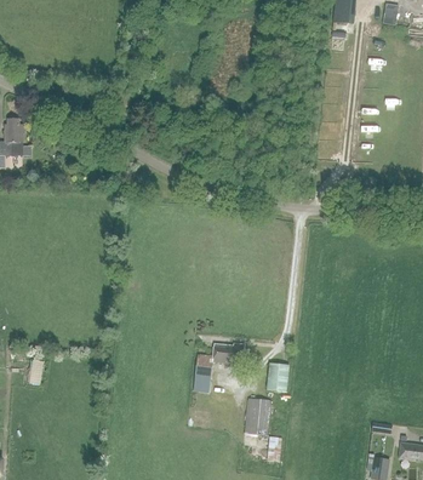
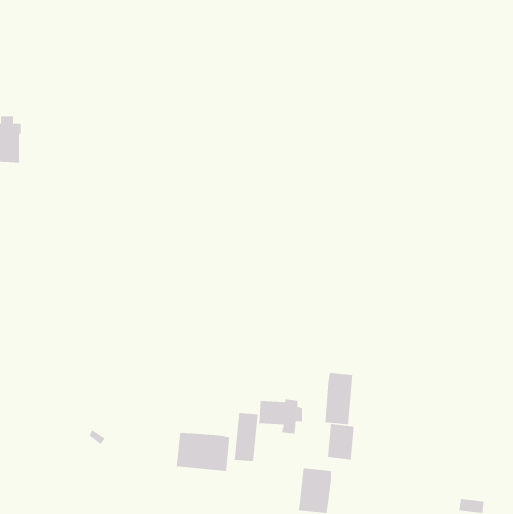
building: none -> [325,372,353,425]
building: none -> [176,432,230,472]

